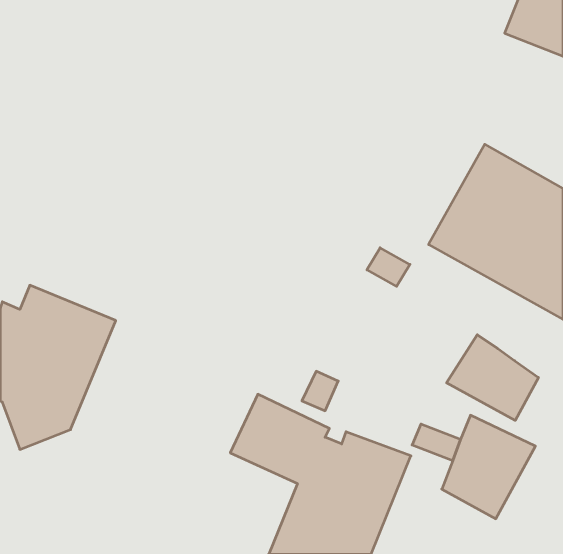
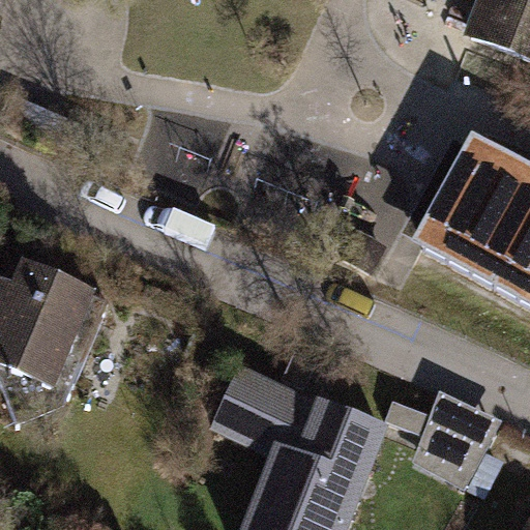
building: [447,335,538,420] -> none

